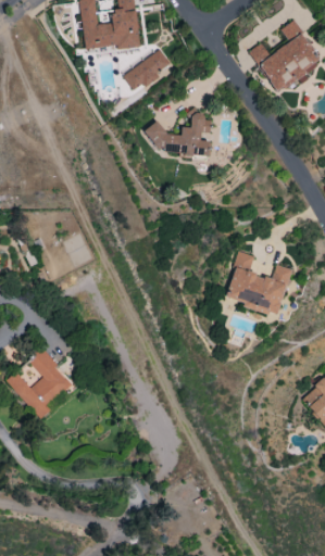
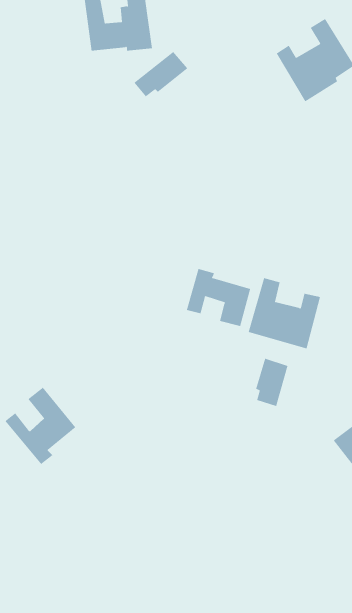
building: [150,114,210,153] -> none
building: none -> [186,268,251,327]
building: none -> [256,358,288,407]

